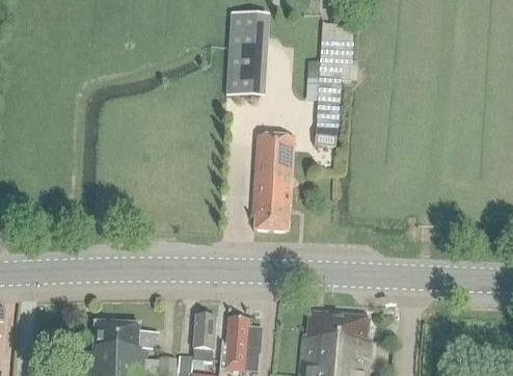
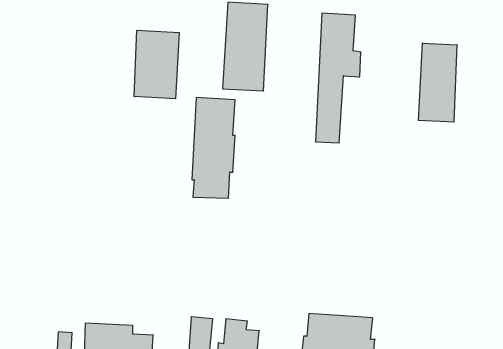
building: none -> [134,30,179,99]
building: none -> [418,43,457,122]
building: [252,133,294,230] -> [192,98,235,198]

